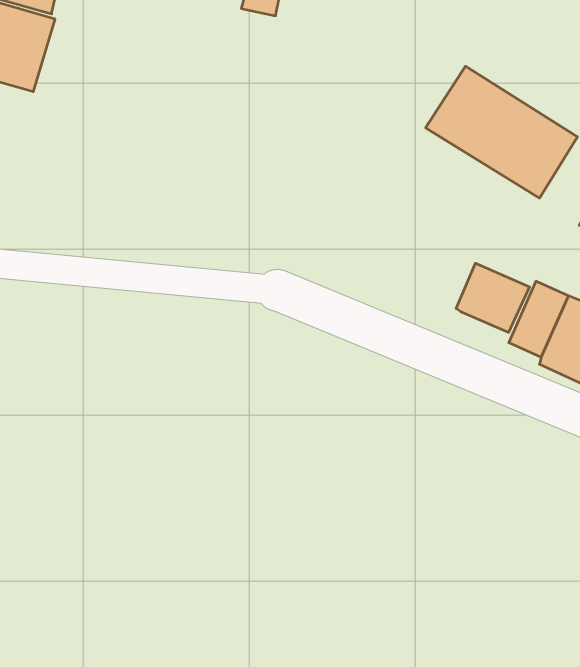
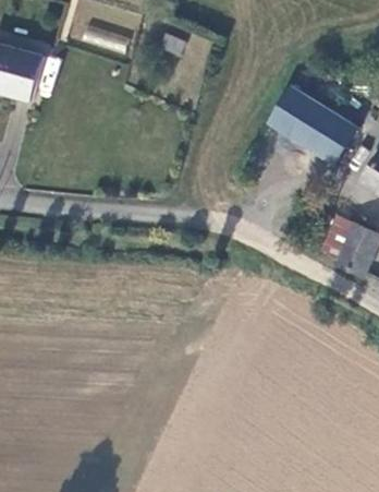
building: [456,263,530,332] -> none

